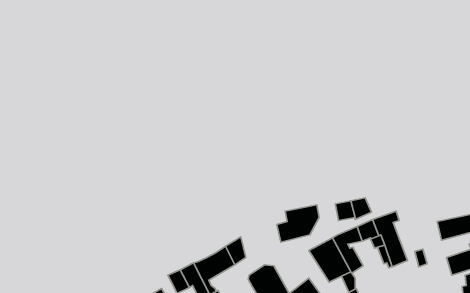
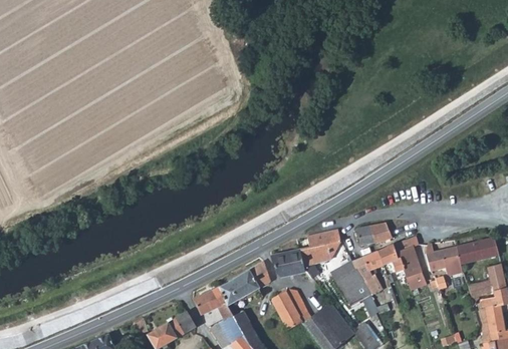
building: none -> [426,243,460,271]
building: none -> [271,249,304,276]

